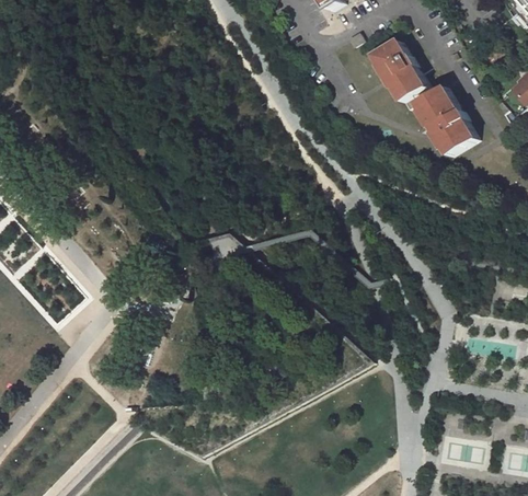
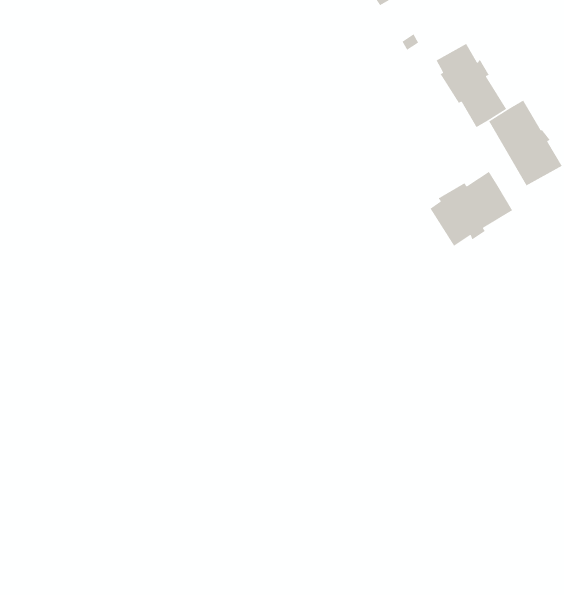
building: none -> [430,171,513,247]

